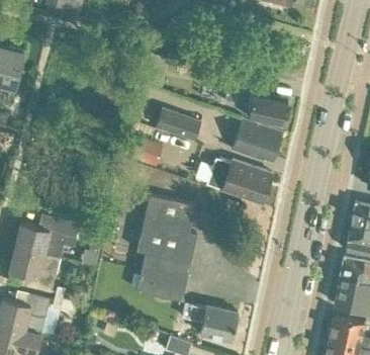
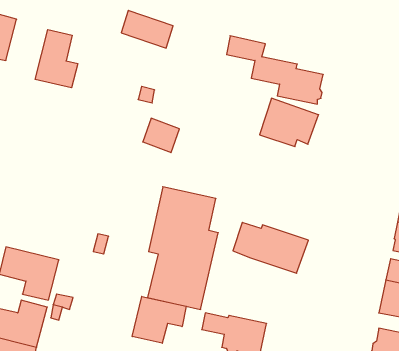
building: none -> [35,30,78,88]
building: [156,108,200,141] -> [121,10,173,48]
building: [207,159,272,202] -> [233,222,308,273]
building: [14,215,79,258] -> none
building: none -> [132,296,186,343]

